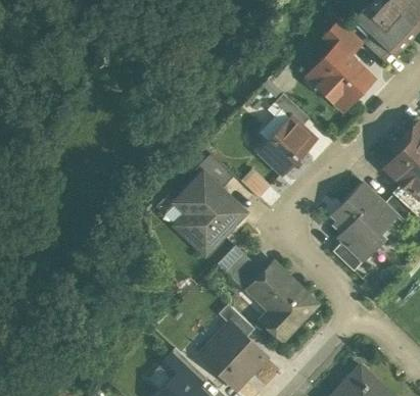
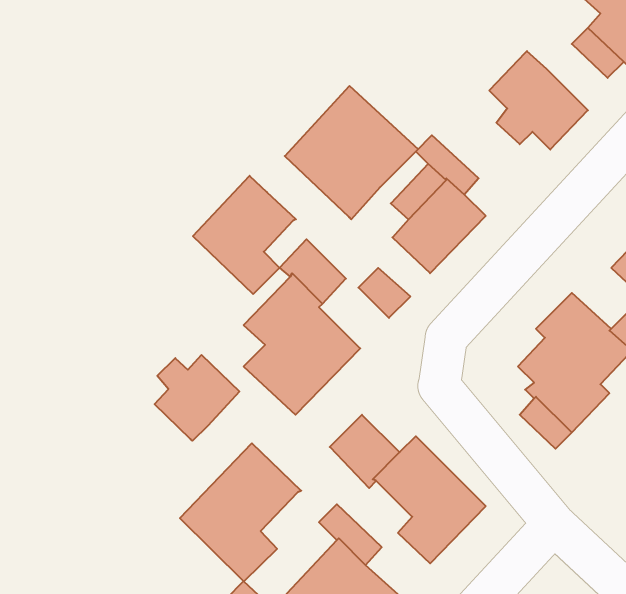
building: [325,21,361,56] -> none
building: none -> [285,86,418,219]
building: none -> [193,176,296,294]
building: none -> [155,355,239,441]
building: none -> [180,443,301,581]

